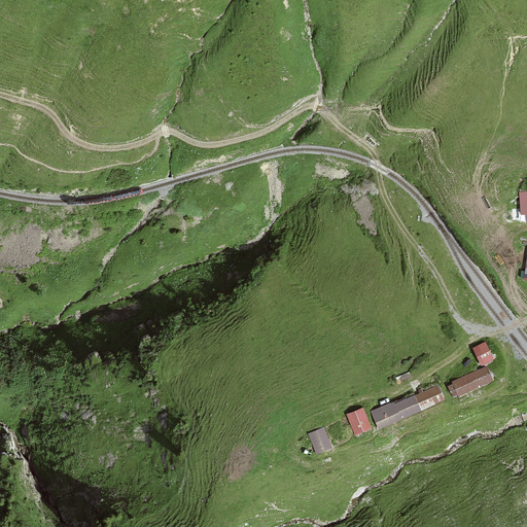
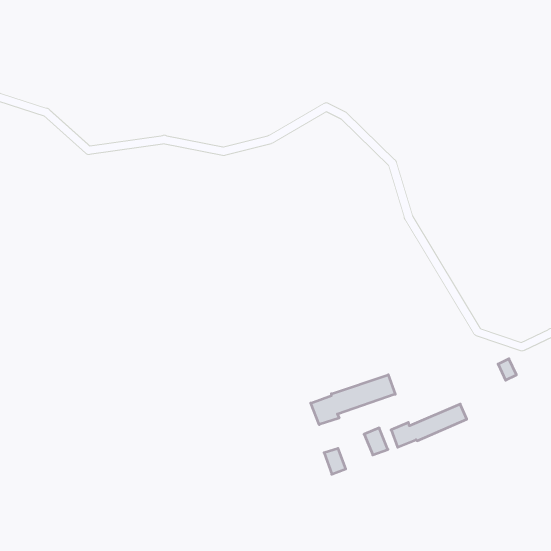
building: none -> [311,375,395,425]
building: [448,364,493,396] -> none

